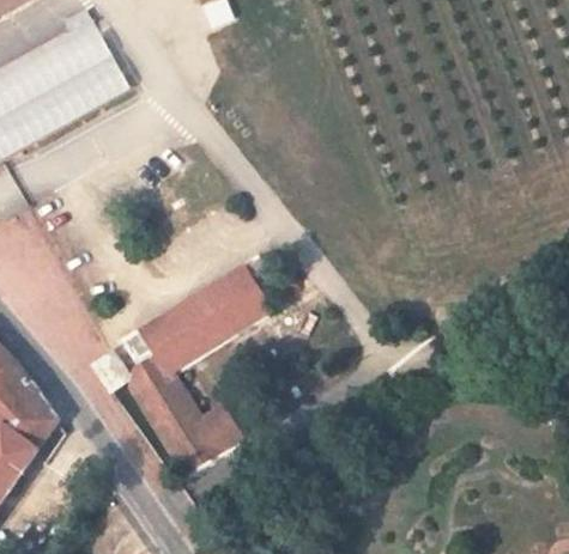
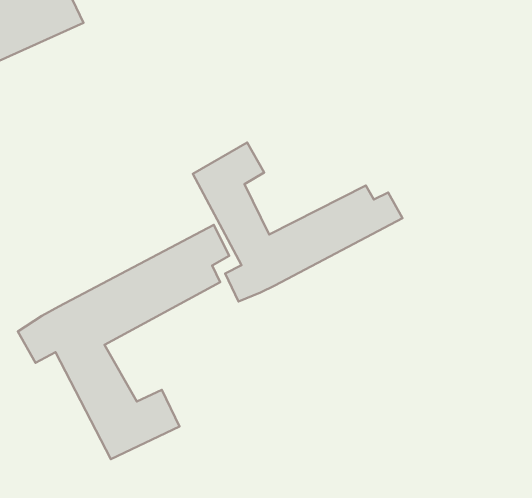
building: none -> [193,142,403,301]

